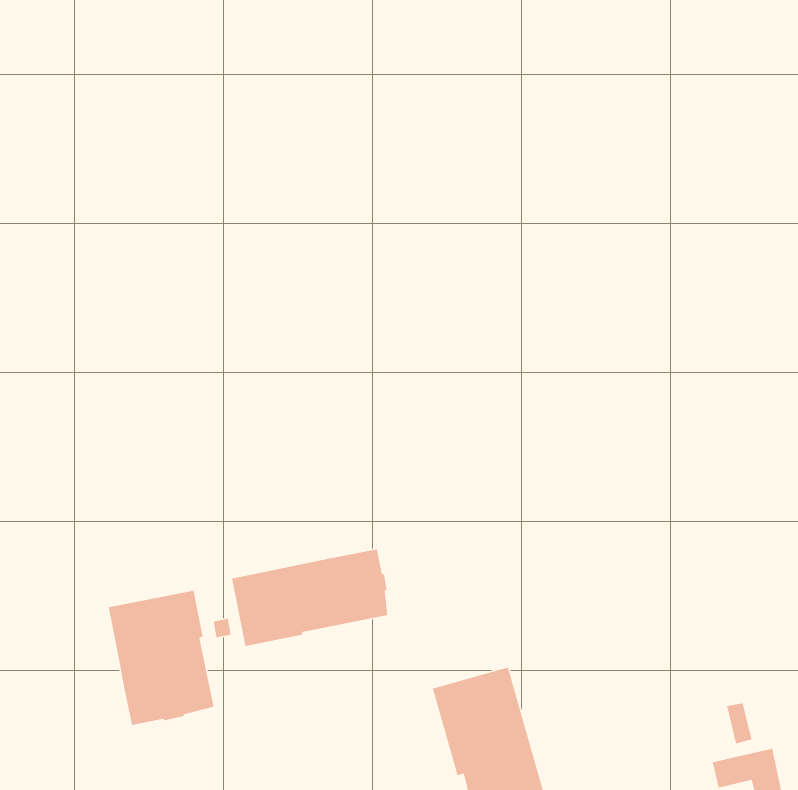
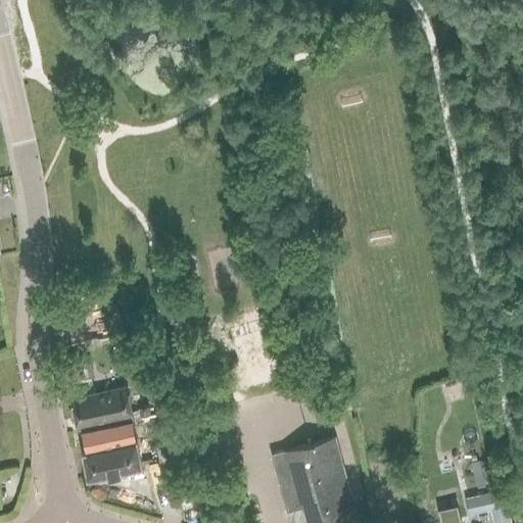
building: [231,549,388,647] -> none

